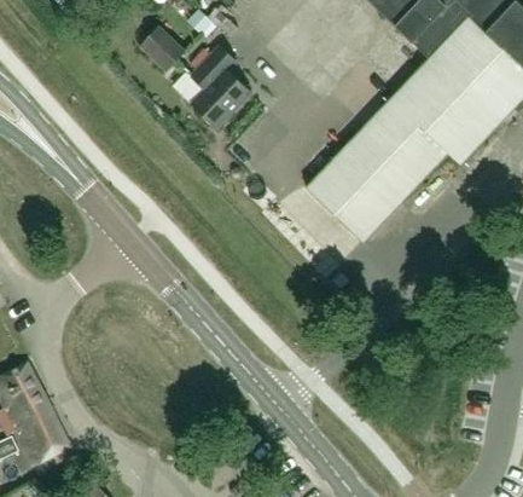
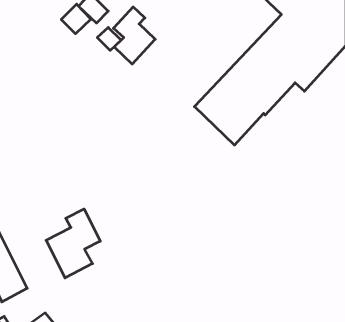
building: none -> [61,4,91,34]
building: none -> [46,209,100,278]

